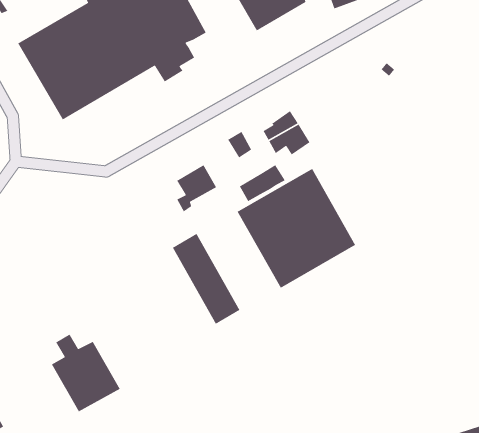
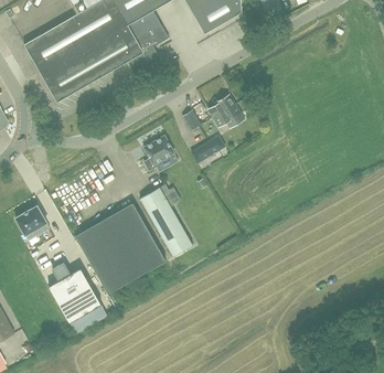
building: [237,168,356,289] -> [75,203,166,295]
building: none -> [15,205,49,234]

